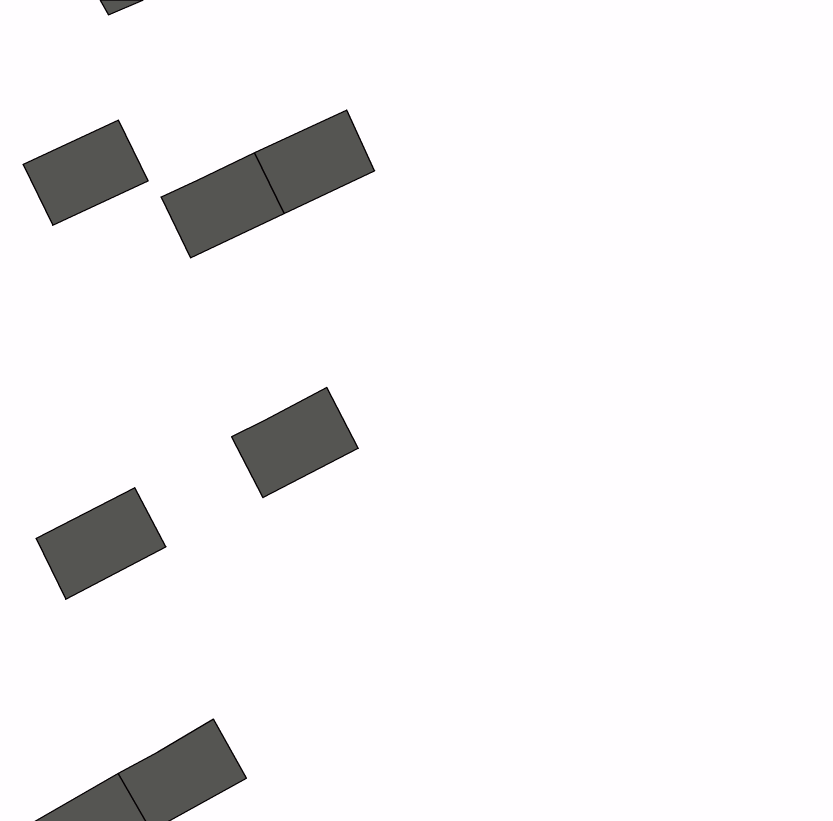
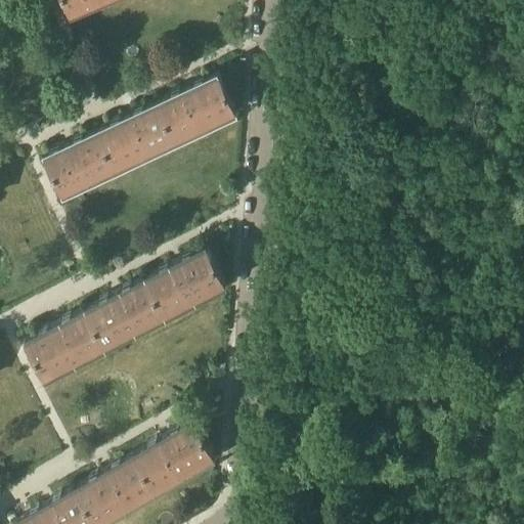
building: [23,120,148,225] -> [41,134,119,200]
building: none -> [84,283,164,352]
building: none -> [133,427,212,496]

